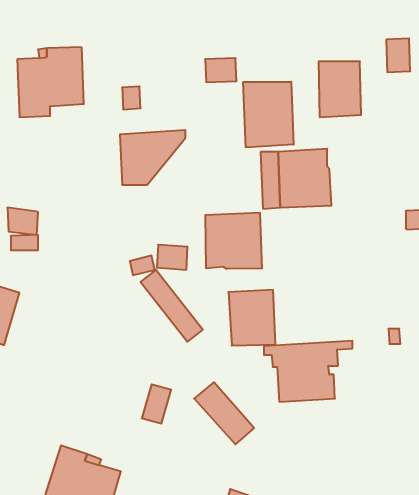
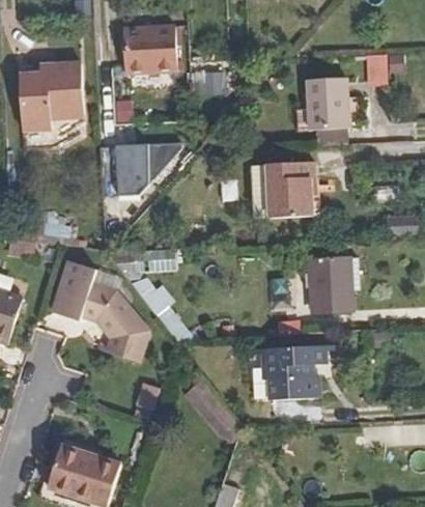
building: none -> [121,25,175,74]
building: [243,82,294,147] -> none
building: [205,213,262,269] -> none
building: none -> [52,260,148,363]
building: [228,290,275,346] -> [307,259,351,312]

